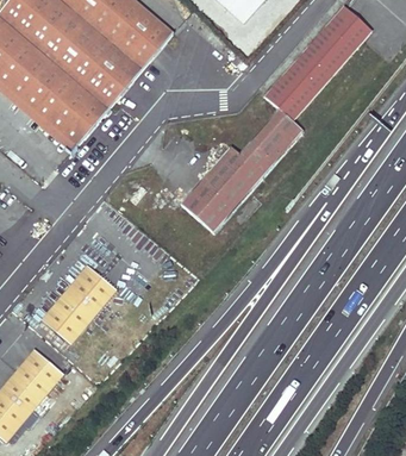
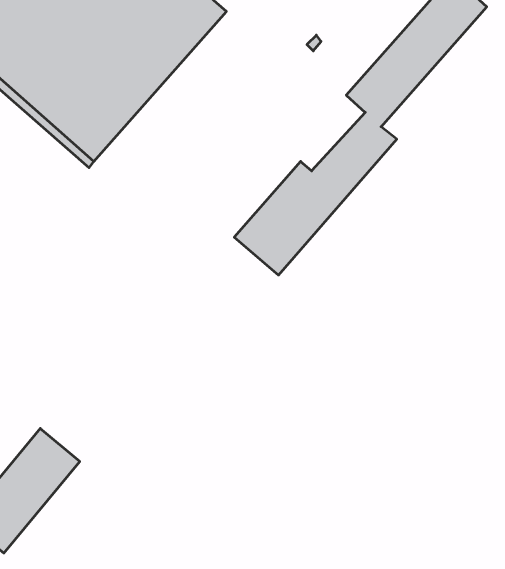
building: [40,266,117,345] -> none

